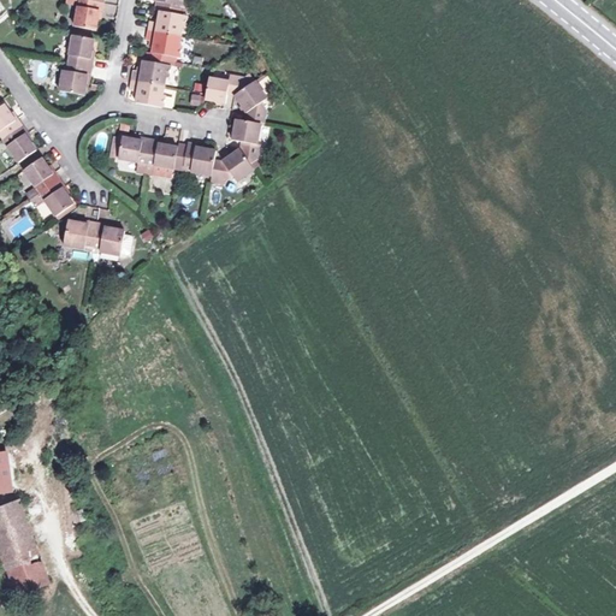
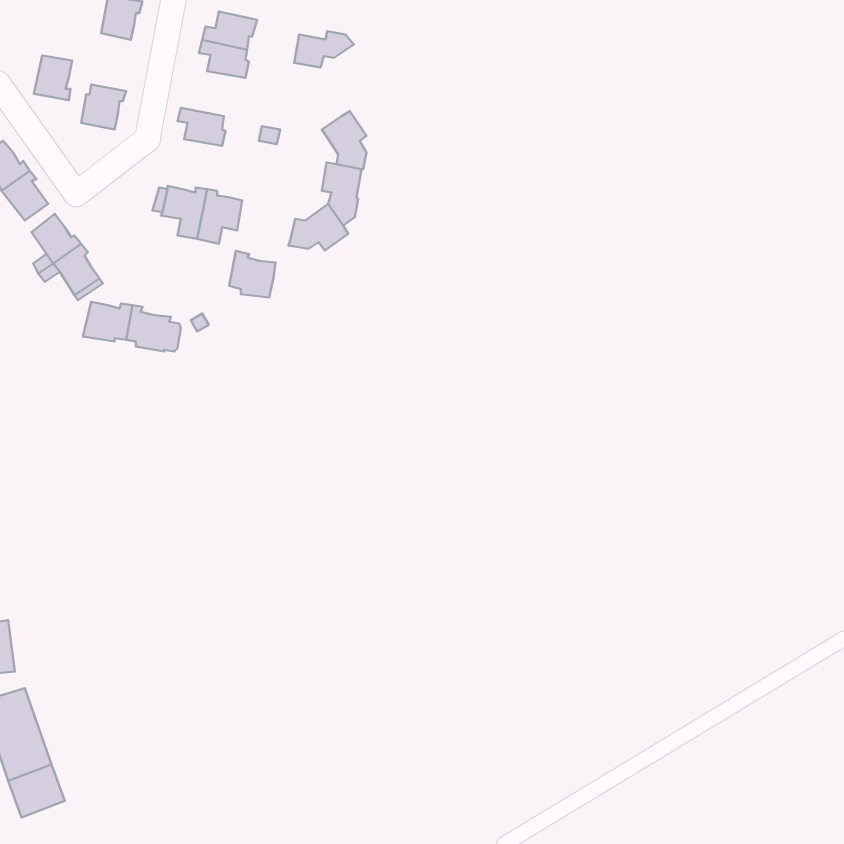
building: [66,34,94,66] -> [34,56,72,100]
building: [131,59,170,84] -> none
building: [205,75,248,101] -> [294,31,354,68]
building: [182,141,215,174] -> [229,251,276,297]

